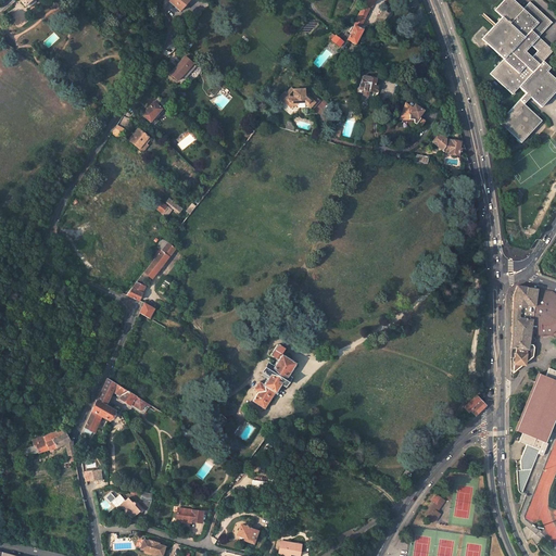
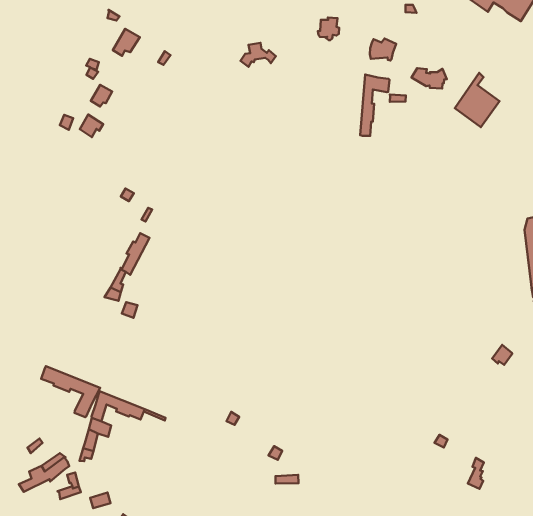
building: [500,93,541,142] -> [455,73,500,127]
building: none -> [360,74,390,136]
building: [254,343,298,408] -> none
building: none -> [41,366,100,417]

